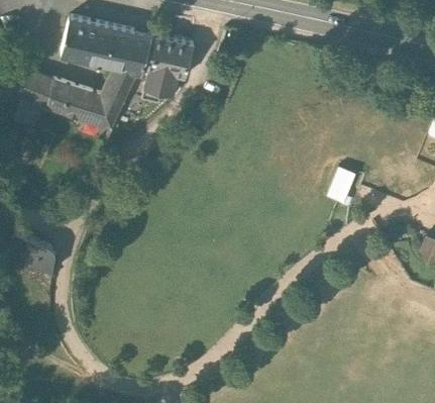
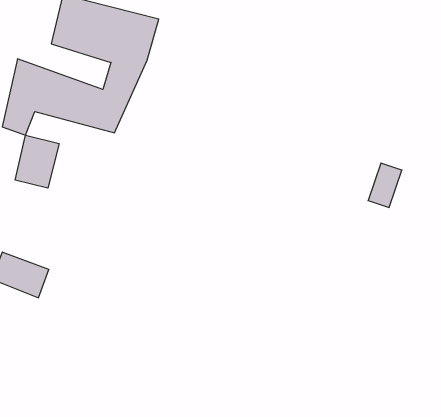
building: [141,34,198,100] -> none
building: none -> [15,135,59,188]

